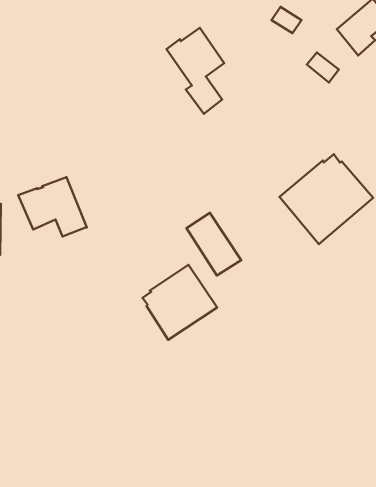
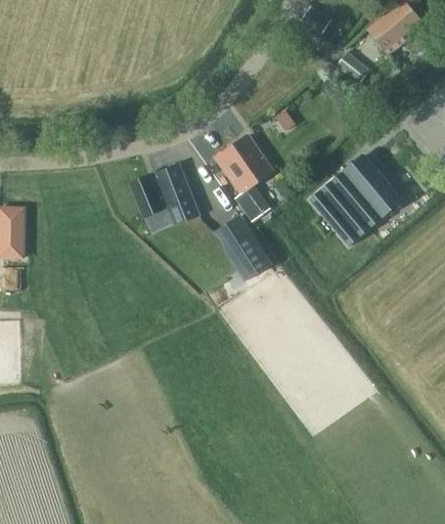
building: [167,28,224,114] -> [214,135,272,222]
building: [18,177,87,237] -> [129,165,198,225]
building: [143,265,217,340] -> none

